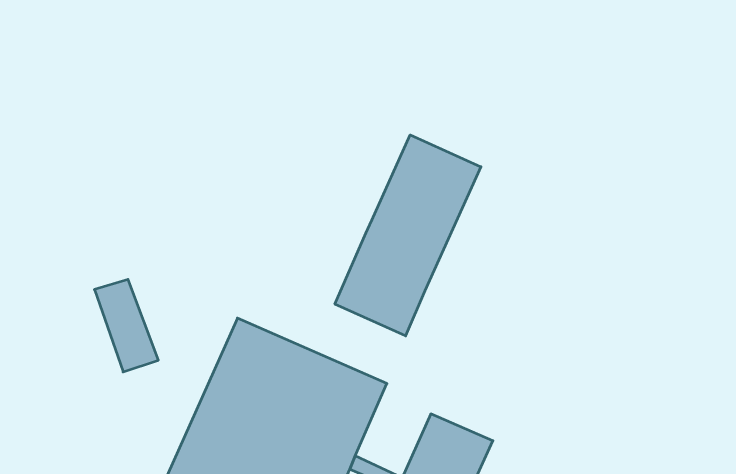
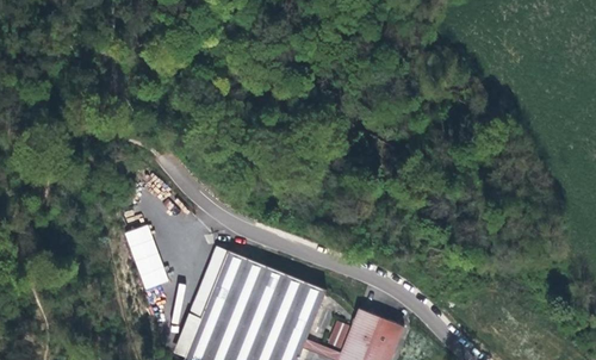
building: [335,135,481,336] -> none

